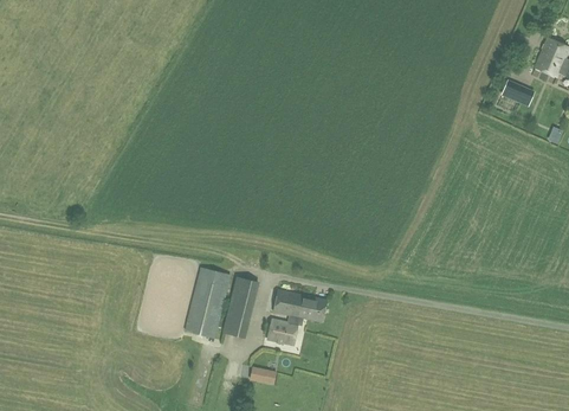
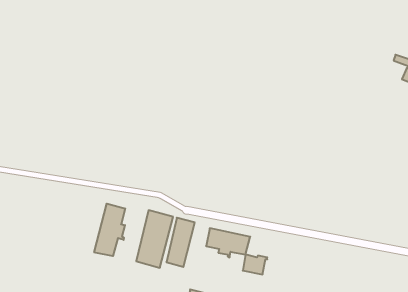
building: none -> [94,204,125,256]
building: [269,319,299,343] -> [243,255,267,274]

